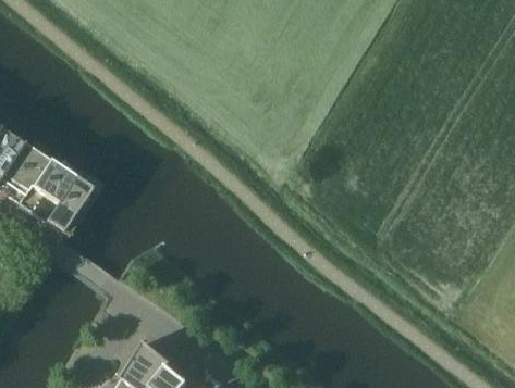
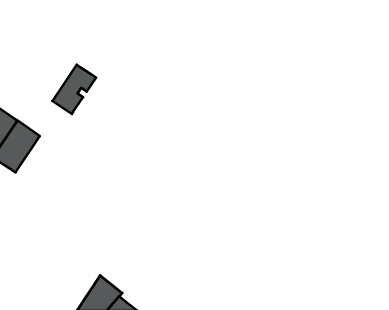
building: [47,177,98,235] -> [52,65,96,114]

